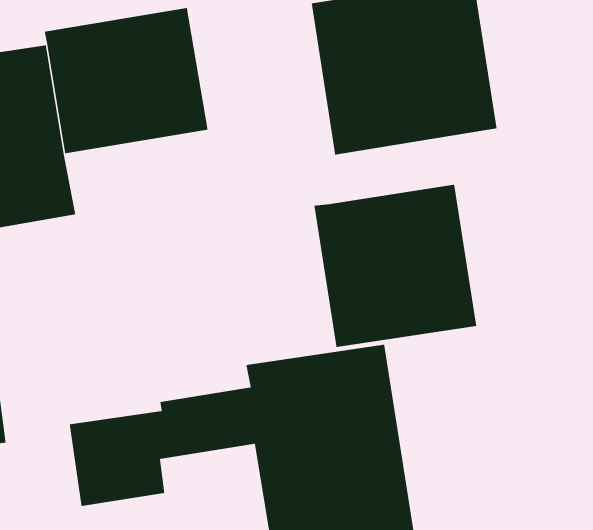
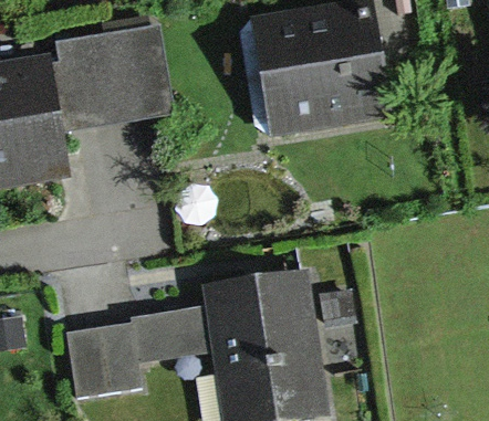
building: [314,184,477,348] -> none

